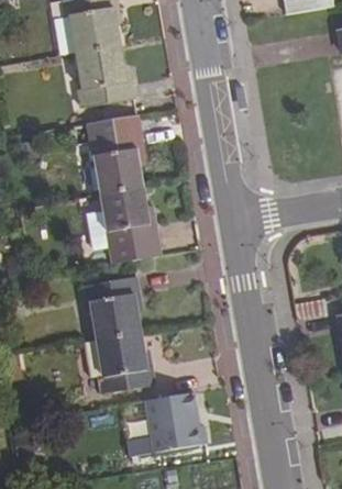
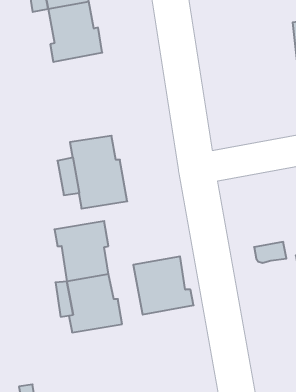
building: [87,115,143,193] -> none
building: [146,391,210,453] -> [133,256,194,315]

